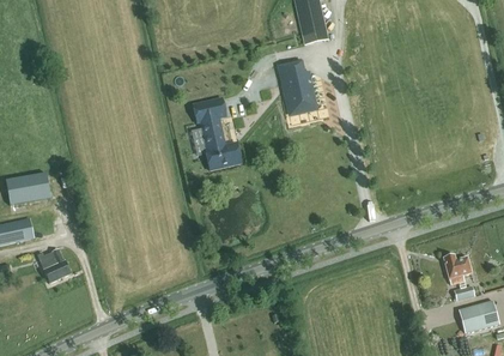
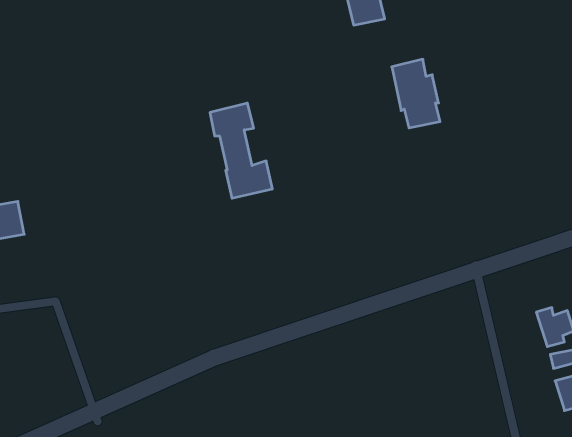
building: [278,59,315,111] -> [392,59,440,128]
building: [37,248,71,283] -> none

